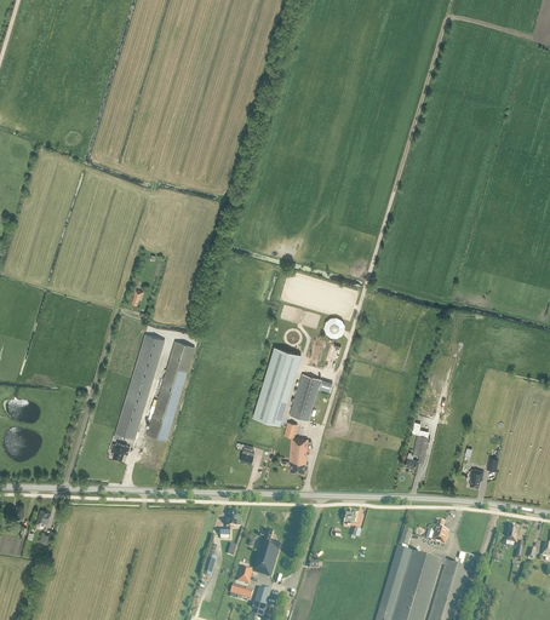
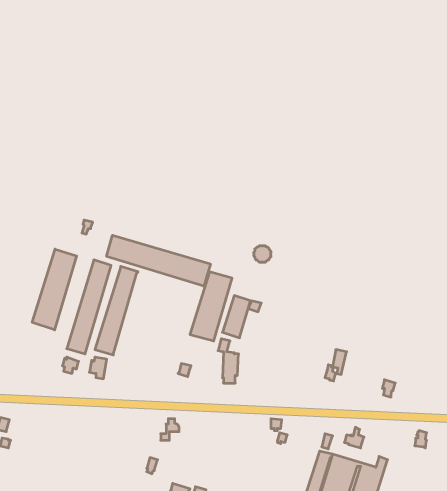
building: none -> [107,235,210,286]
building: none -> [32,249,77,330]
building: [237,530,280,585] -> none

